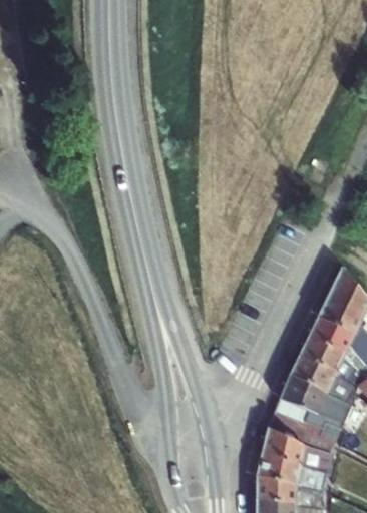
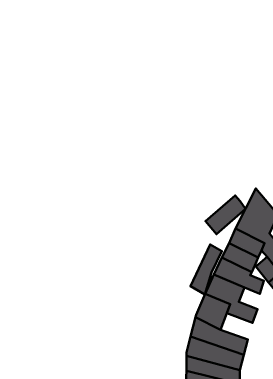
building: none -> [205,196,246,234]
building: none -> [190,245,222,295]

